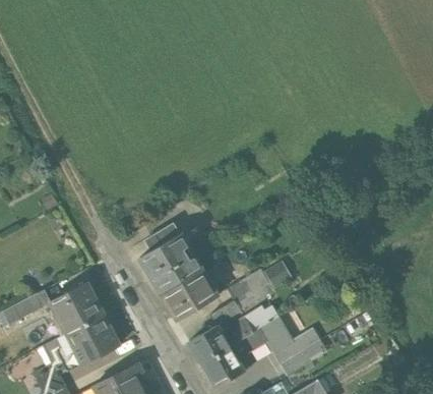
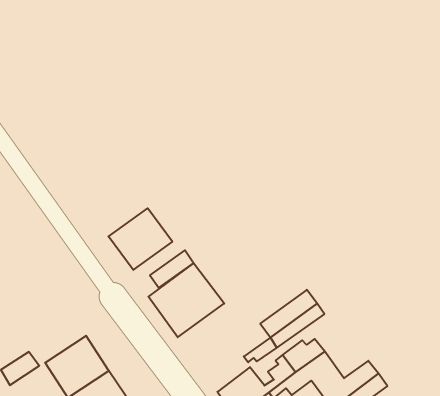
building: none -> [108,208,172,270]
building: [161,270,218,321] -> none

